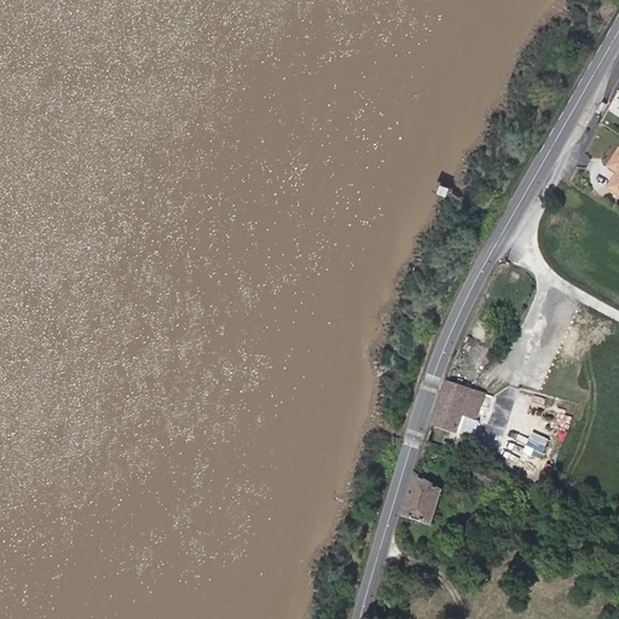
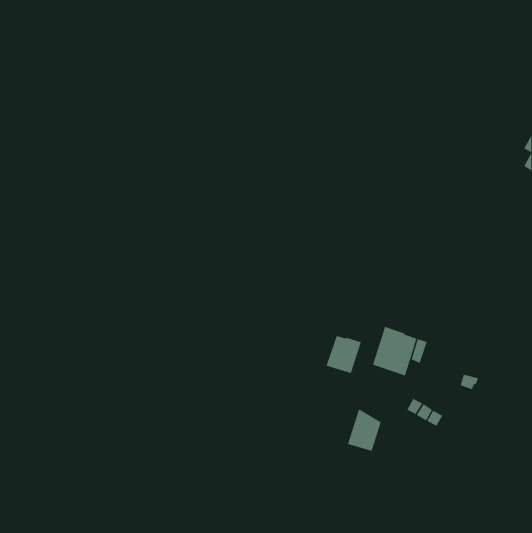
building: none -> [326,335,362,374]

